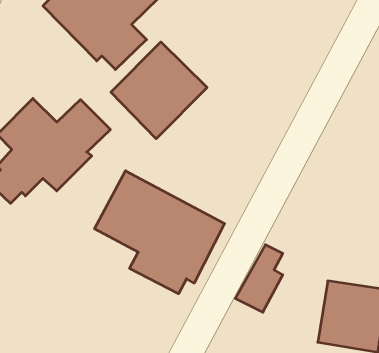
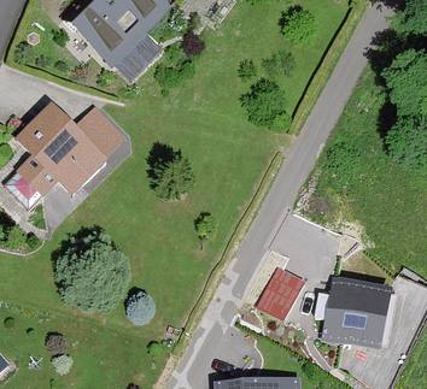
building: [111,42,207,139] -> none
building: [95,171,225,294] -> none

